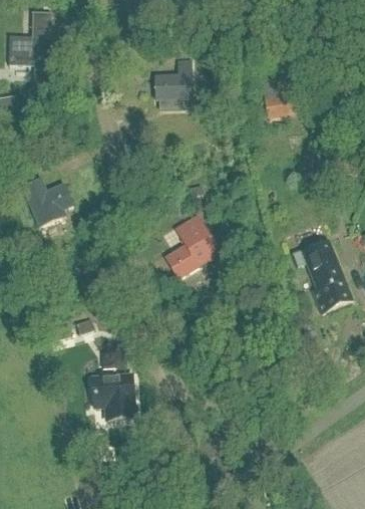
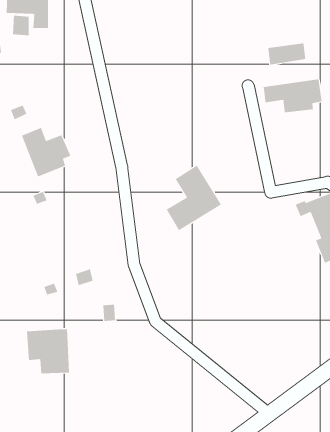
building: [152,58,191,100] -> none
building: none -> [263,79,322,113]
building: [91,375,134,420] -> [26,329,70,374]

